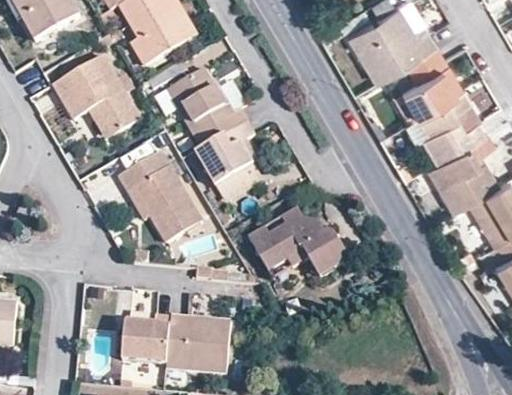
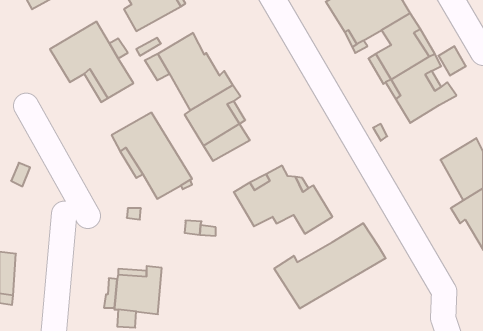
building: [423,141,495,208] -> none
building: none -> [274,223,386,309]
building: [166,313,231,372] -> none

